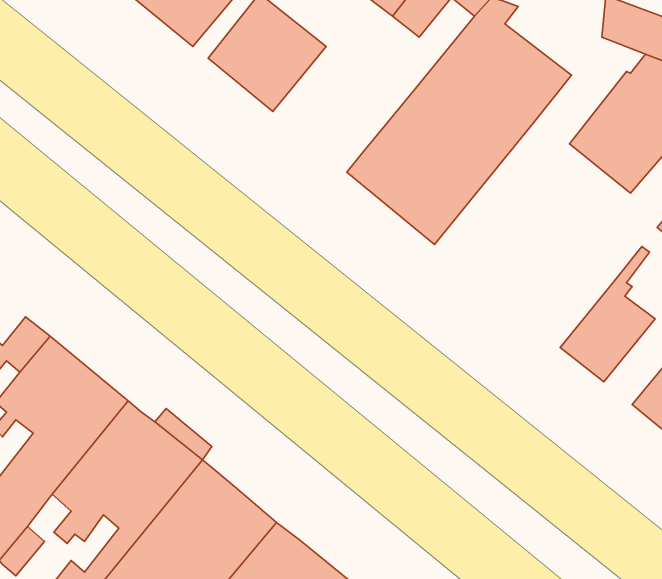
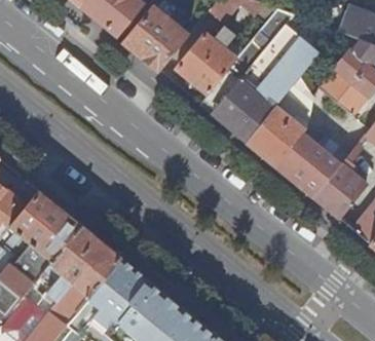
building: none -> [177,32,236,92]
building: none -> [247,76,312,165]
building: none -> [288,138,342,197]

